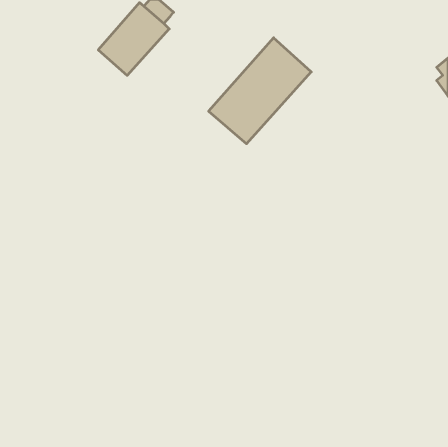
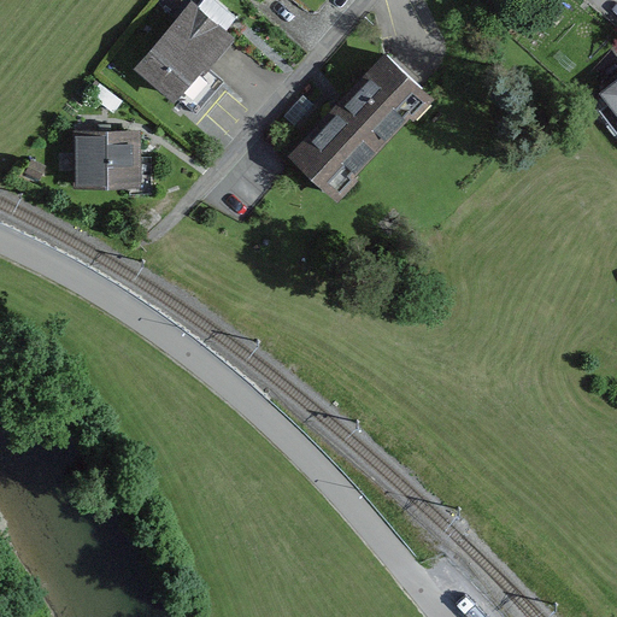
building: none -> [74,131,140,189]

